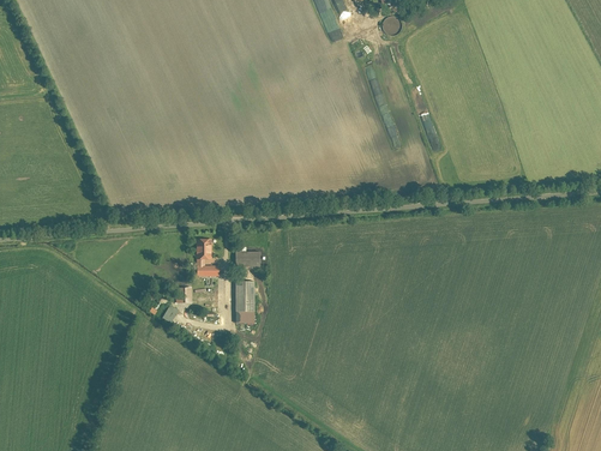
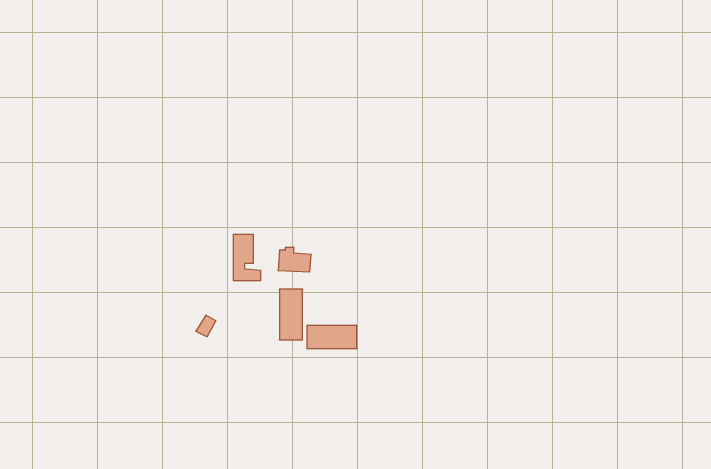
building: none -> [307,325,356,349]

